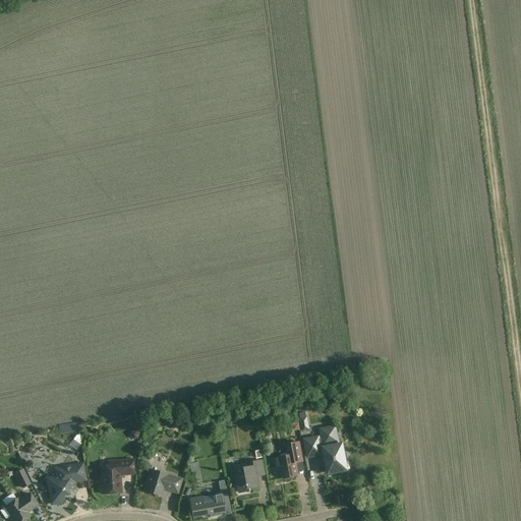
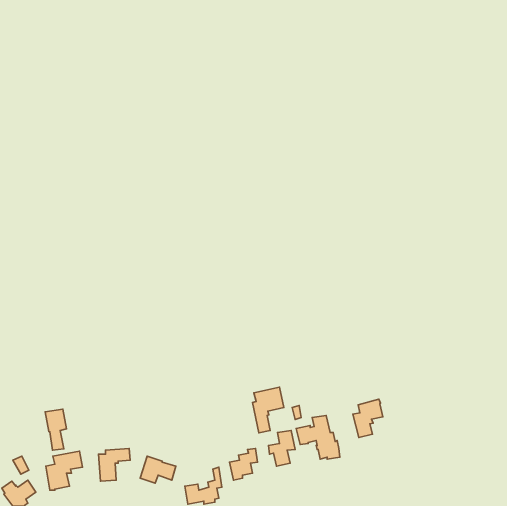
building: none -> [253,387,284,433]
building: none -> [353,399,383,438]
building: none -> [45,409,66,450]

